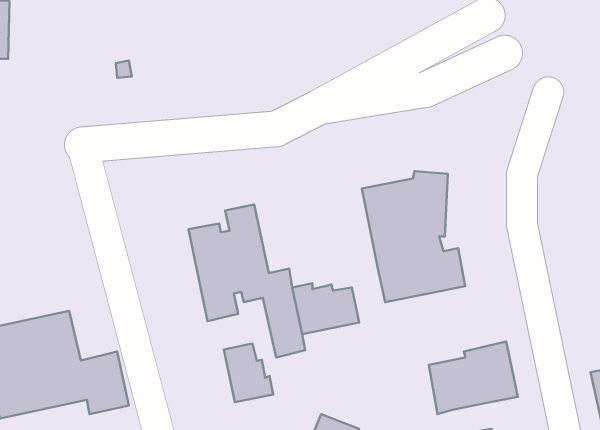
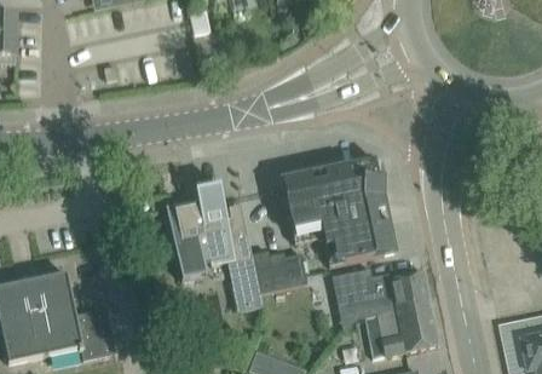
building: none -> [279,171,322,243]
building: none -> [329,267,428,322]
building: [224,344,273,402] -> none

